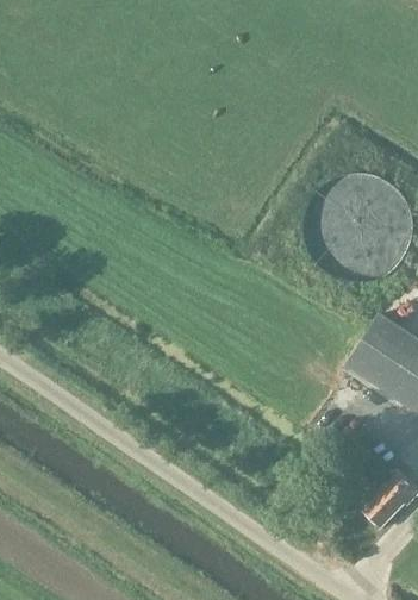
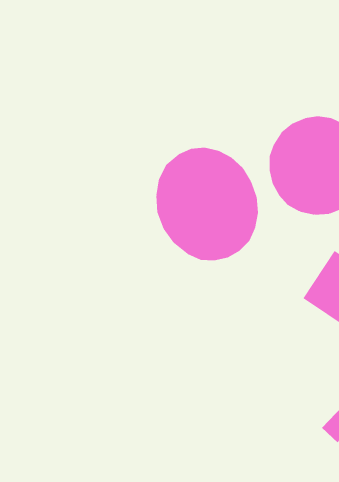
building: none -> [156,147,259,261]

